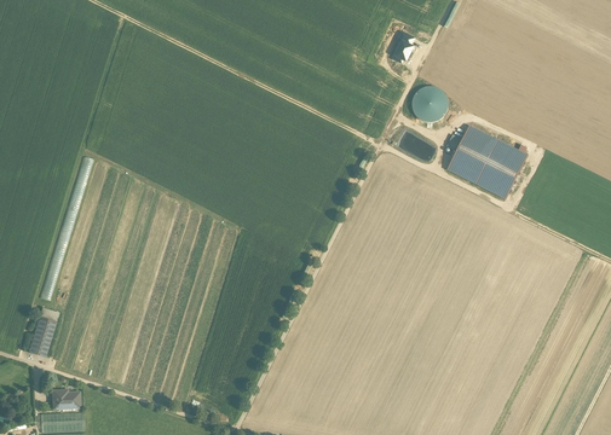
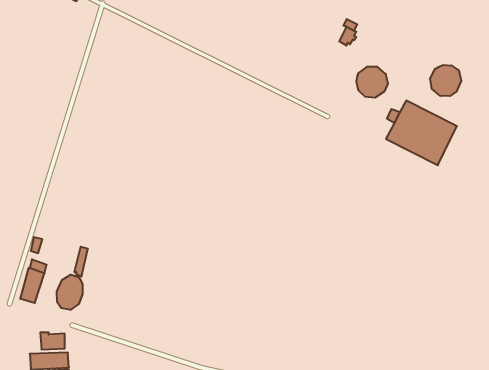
building: none -> [430,65,461,96]
building: none -> [57,275,83,310]

